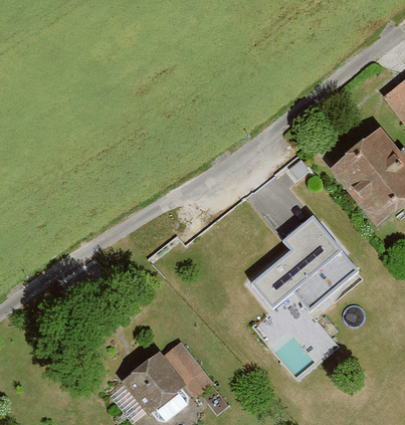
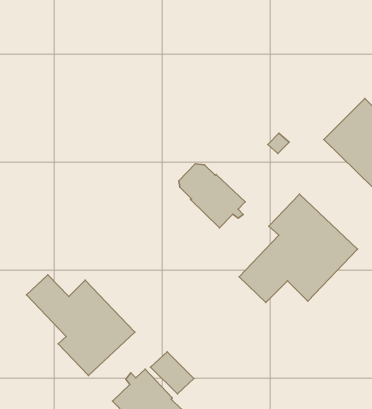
building: none -> [179,164,245,228]
building: none -> [27,275,135,375]

